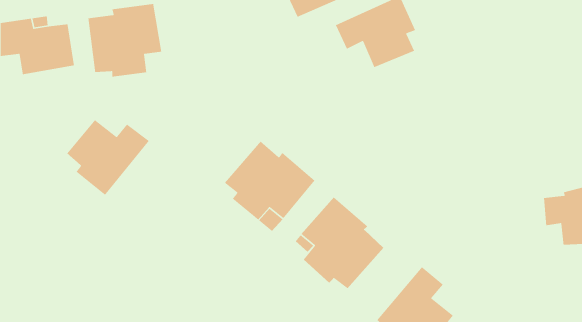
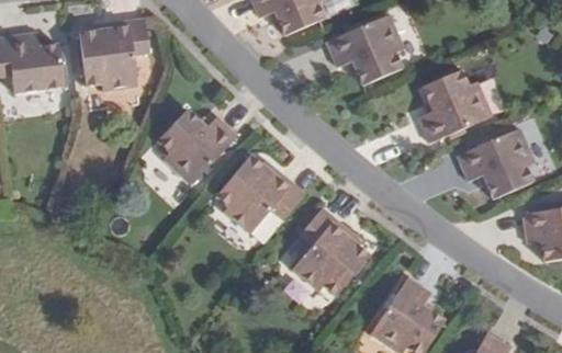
building: none -> [419,66,493,139]
building: none -> [457,126,533,196]
building: [66,119,150,196] -> [160,117,240,191]

